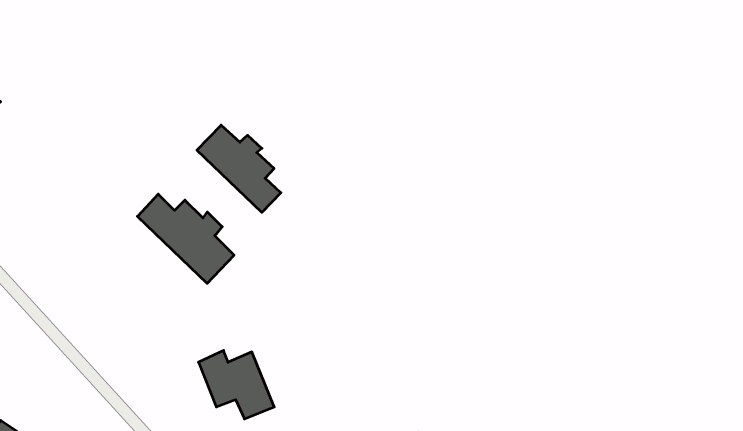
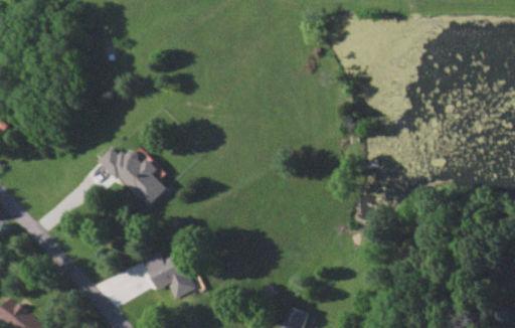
building: [197,125,281,212] -> none

